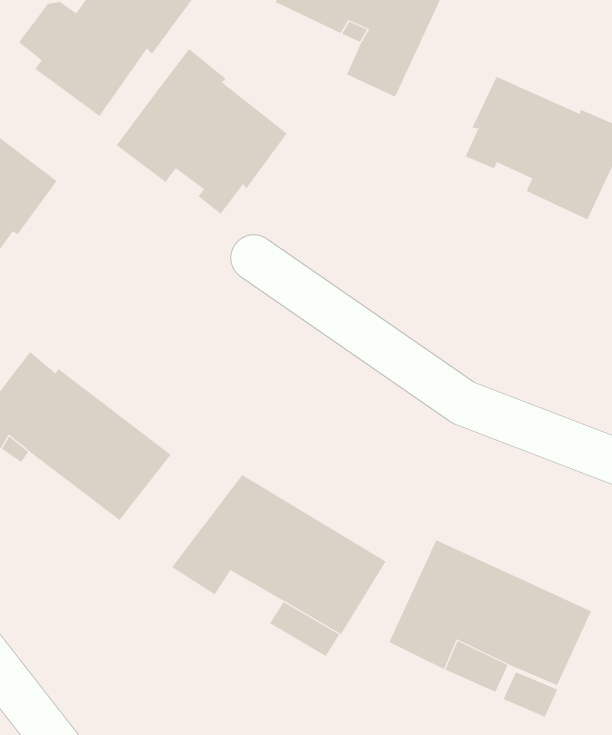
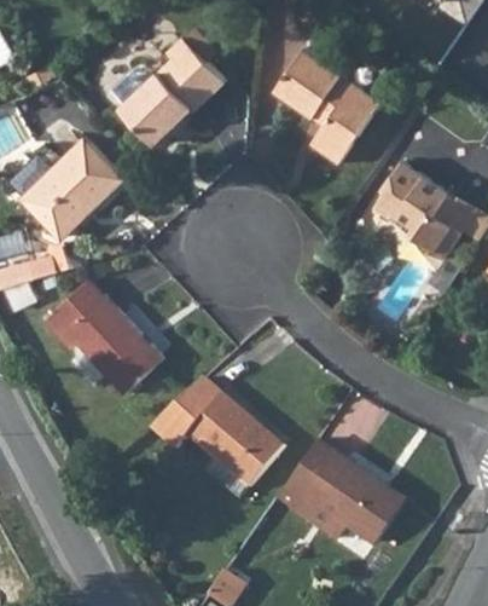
building: [116,48,288,215] -> none

